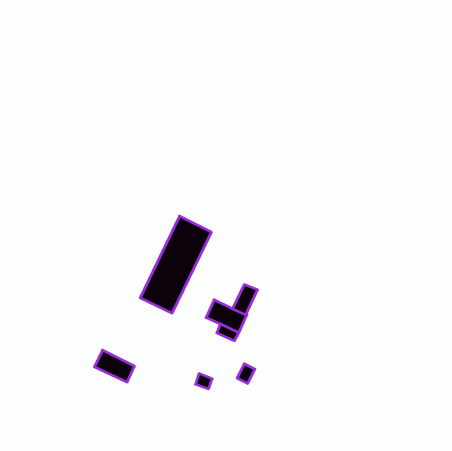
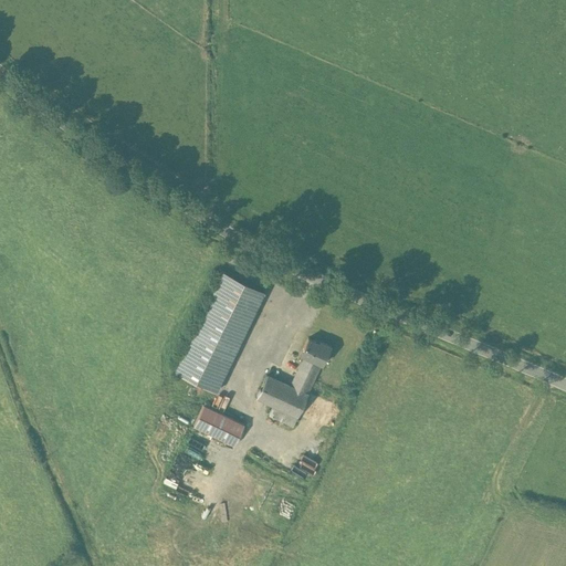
building: none -> [303,340,332,366]
building: [94,350,134,382] -> [196,407,245,447]

